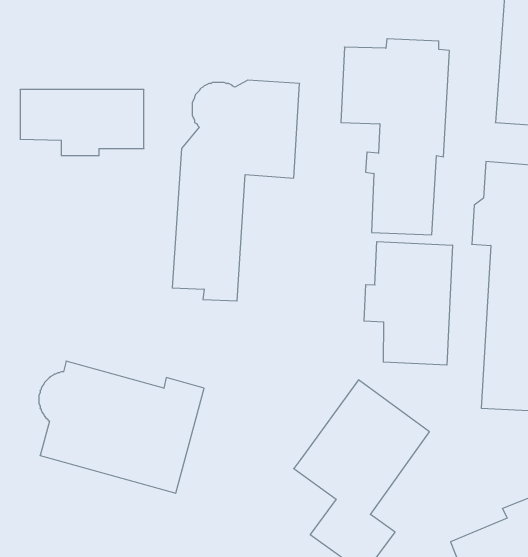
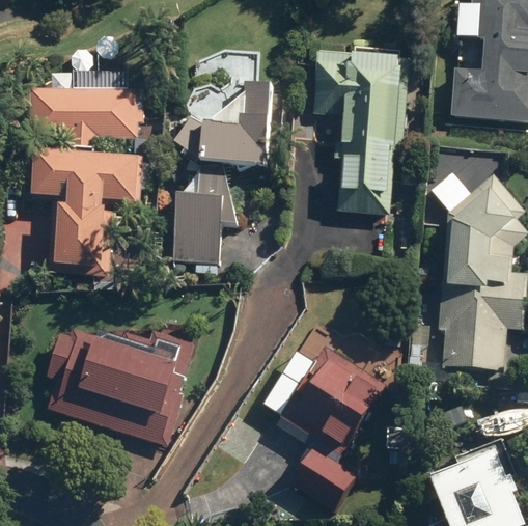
building: none -> [32,148,143,276]
building: [364,242,452,365] -> none

